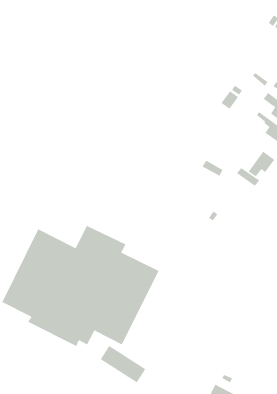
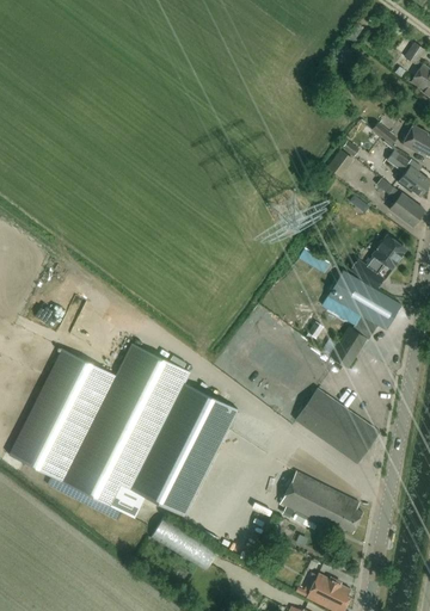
building: none -> [328,271,401,368]
building: none -> [295,389,380,463]
building: none -> [280,471,362,532]

